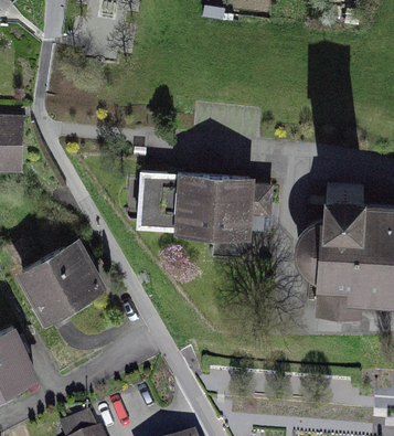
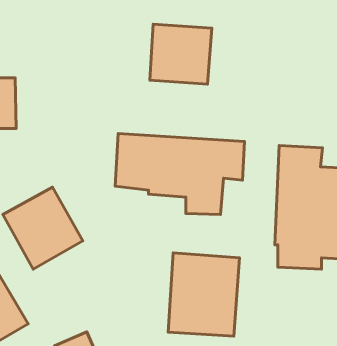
building: none -> [150,24,212,84]
building: none -> [168,253,239,336]

